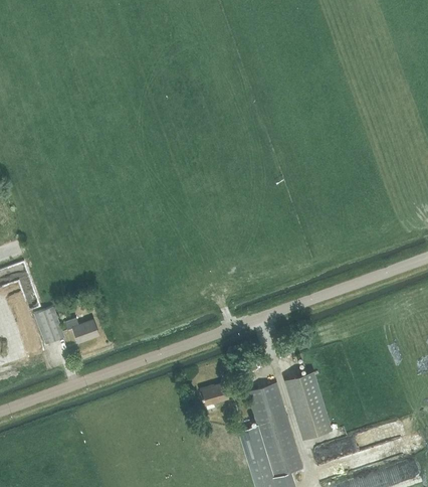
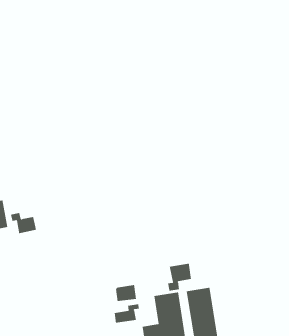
building: none -> [168,263,192,292]
building: none -> [114,303,139,323]

